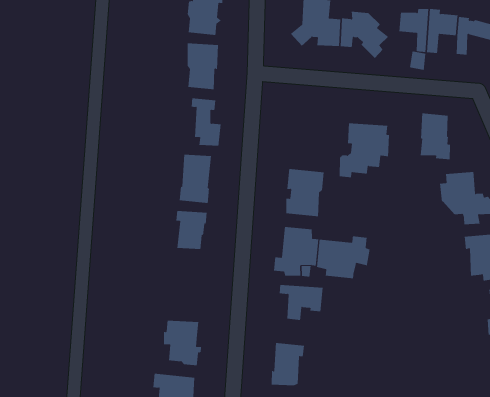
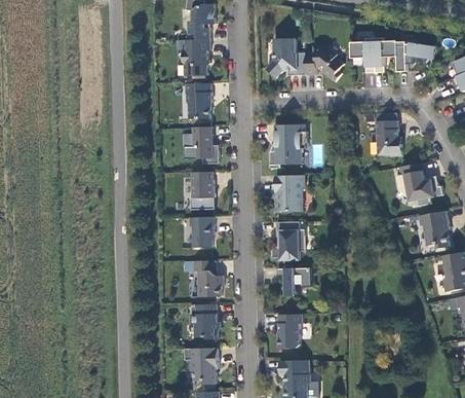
building: [339,123,390,178] -> [269,123,308,168]
building: [316,236,370,279] -> none
building: none -> [194,260,224,296]

